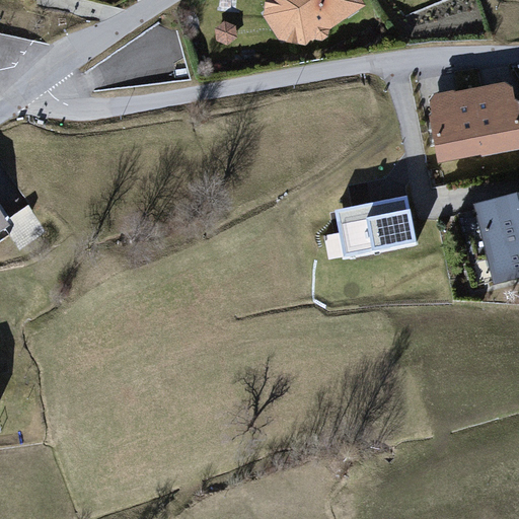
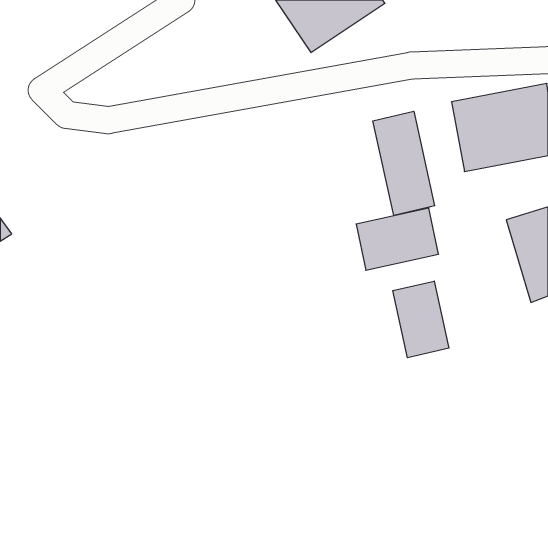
building: none -> [373,111,435,215]
building: none -> [393,281,449,358]

